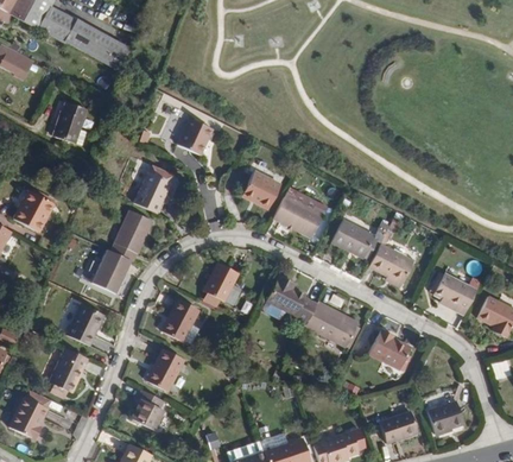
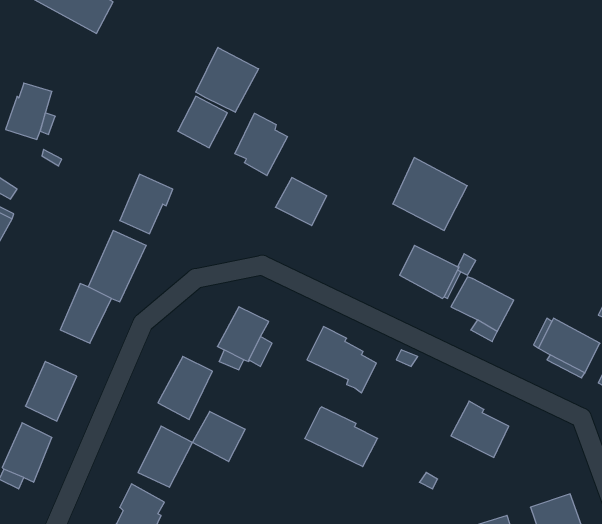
building: none -> [196,47,259,112]
building: none -> [235,113,287,176]
building: [274,184,328,236] -> [393,158,467,230]
building: [306,303,359,346] -> [305,407,378,467]
building: none -> [193,411,245,462]

